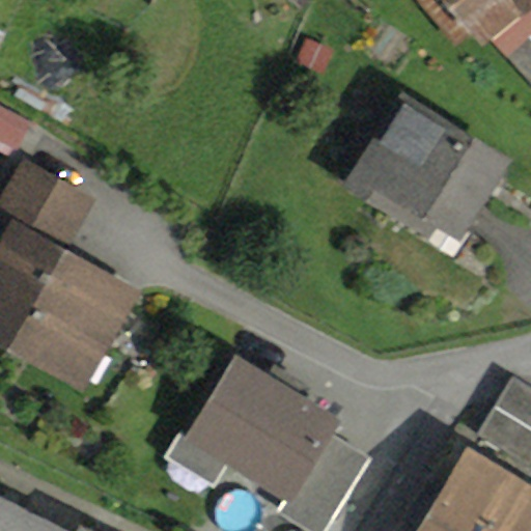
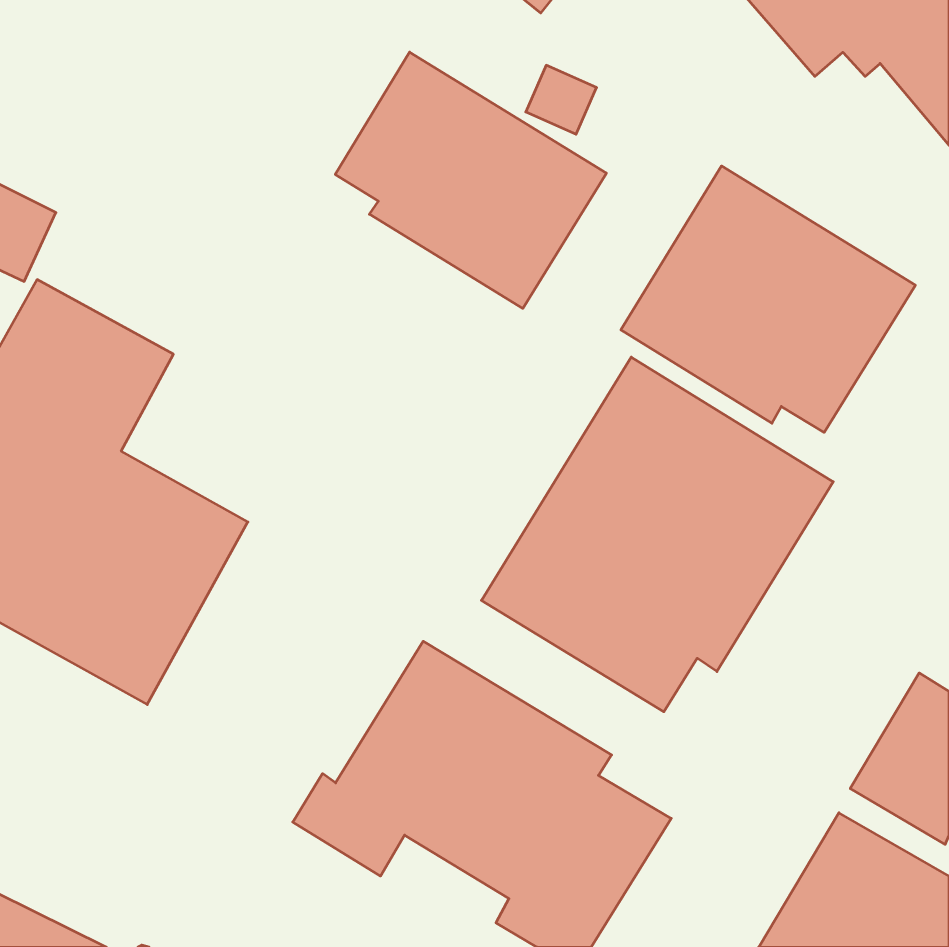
building: none -> [335,52,606,308]
building: none -> [481,357,833,712]

